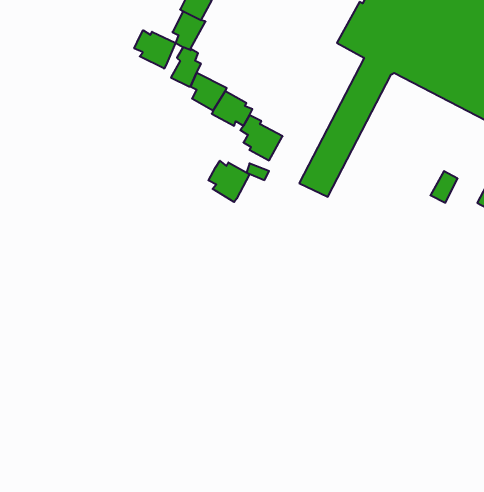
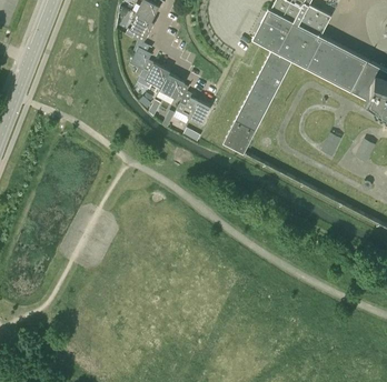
building: [134,30,175,69] -> none
building: [208,161,249,202] -> none

